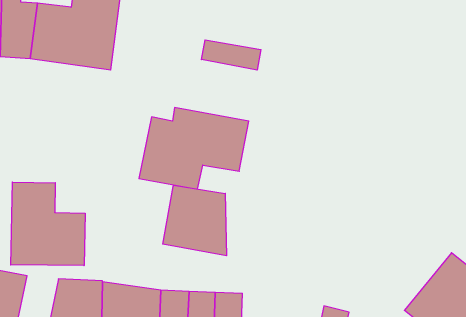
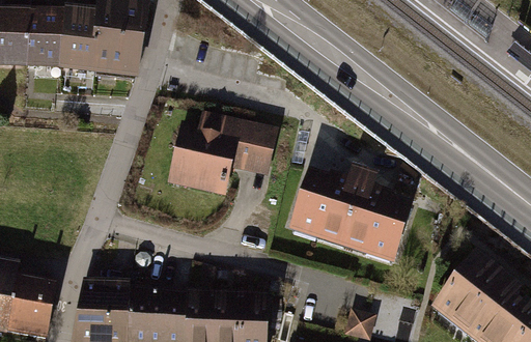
building: [201,40,261,70] -> none
building: none -> [284,170,411,264]
building: [11,182,85,266] -> none
building: [163,185,227,256] -> none

